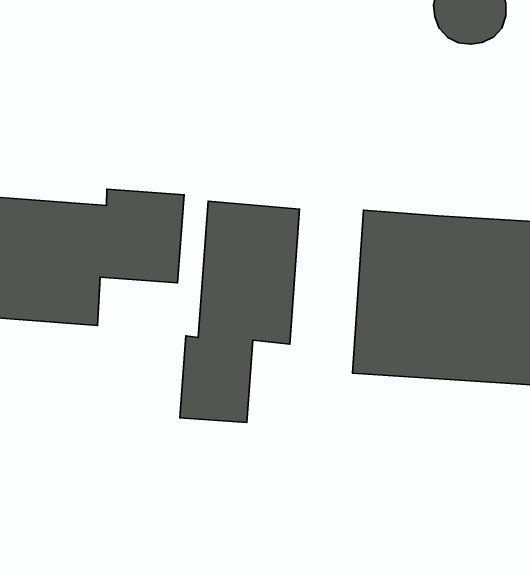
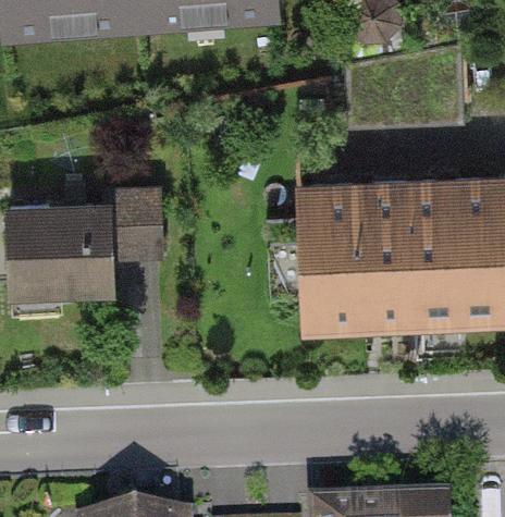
building: [180,201,299,422] -> none

